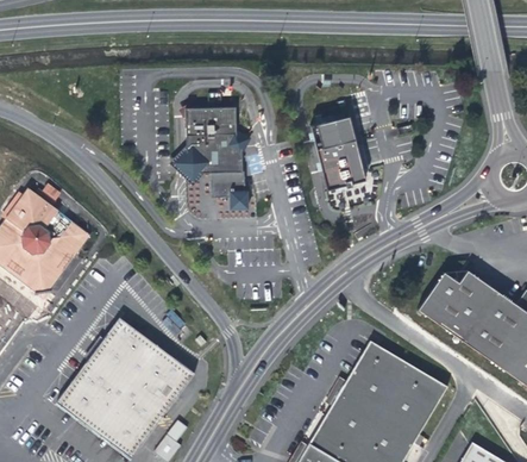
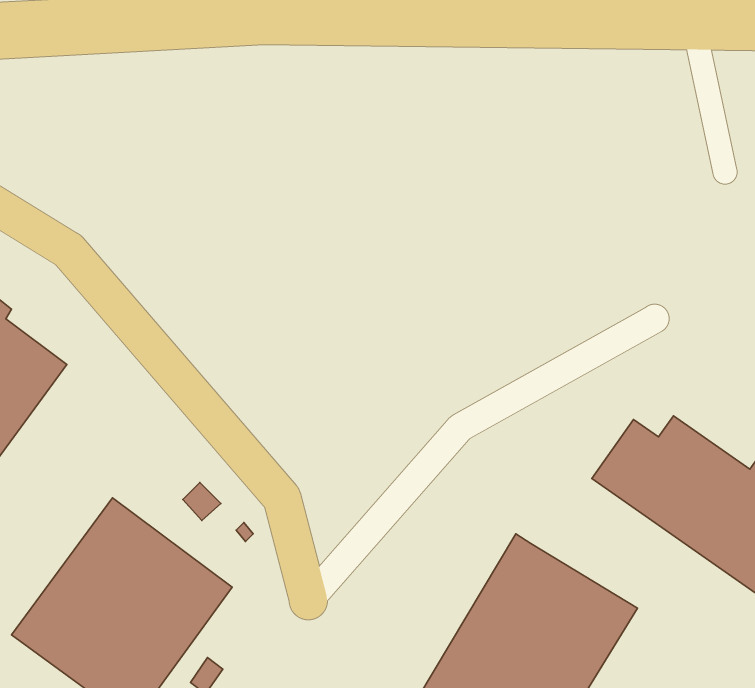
building: [183,105,247,207] -> none
building: [308,116,365,191] -> none

